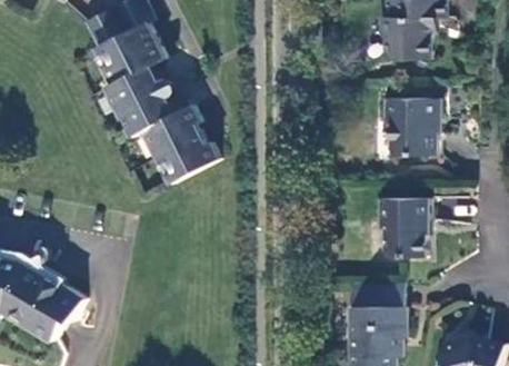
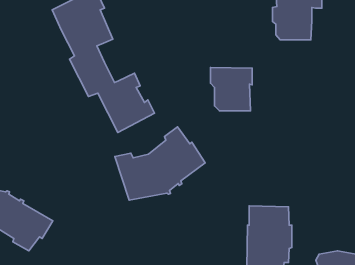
building: [383,98,439,156] -> [210,67,252,111]
building: none -> [115,127,205,200]
building: [378,198,428,257] -> none

